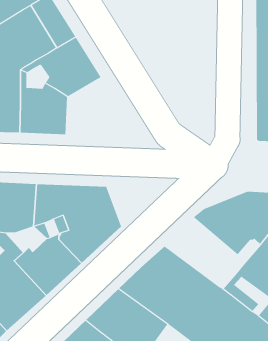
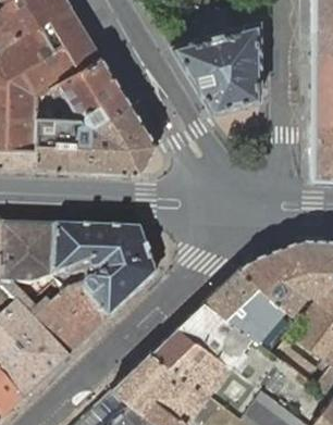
building: none -> [170,20,260,110]
building: none -> [89,102,156,172]
building: none -> [205,266,294,348]

